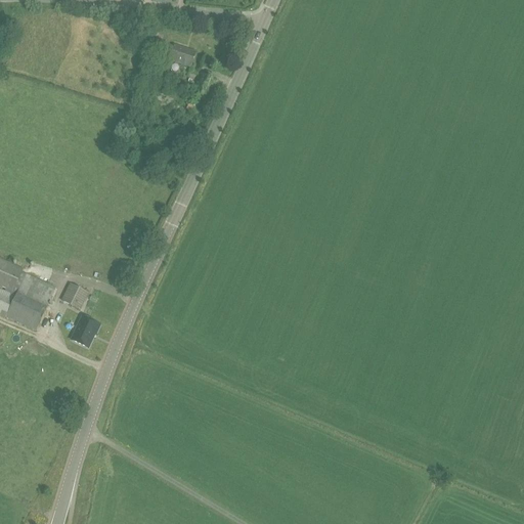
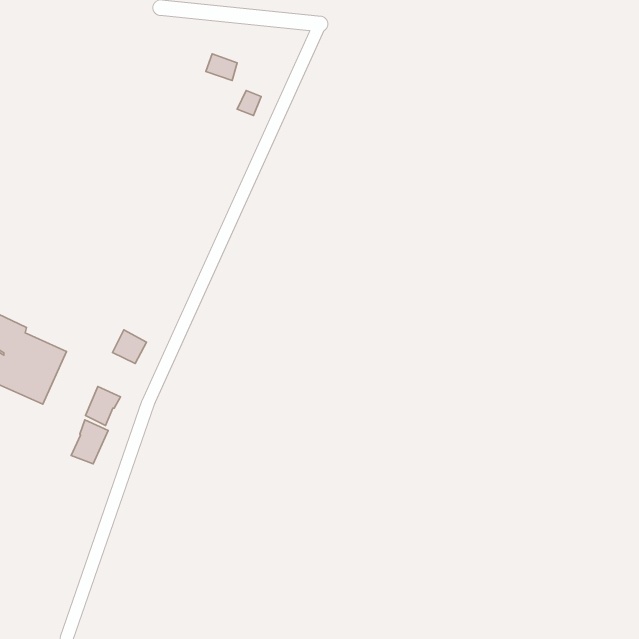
building: [59,281,87,309] -> [112,330,146,364]
building: none -> [71,420,108,464]

